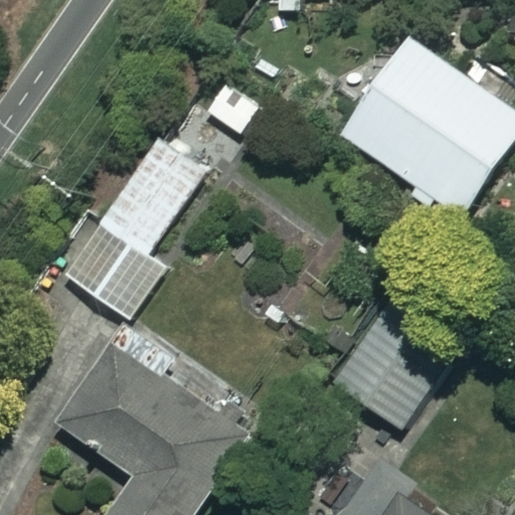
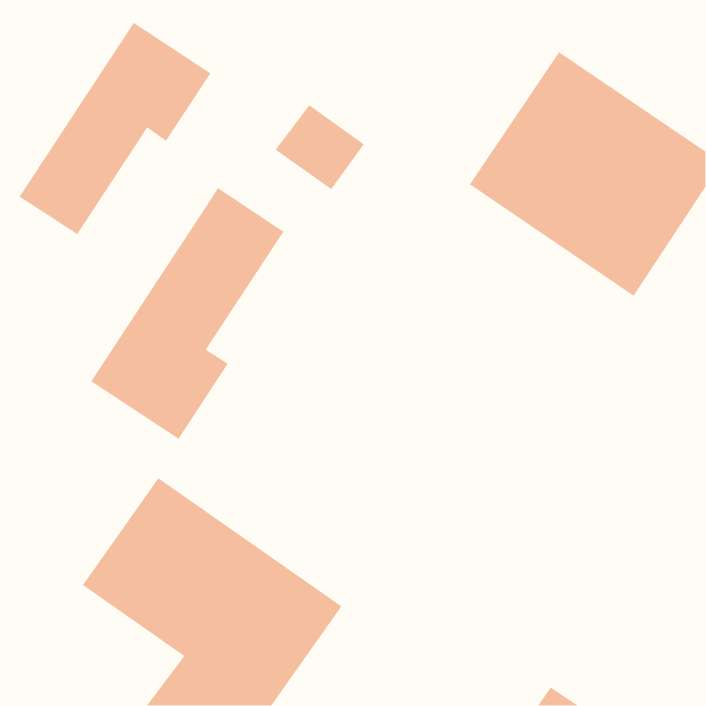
building: none -> [19,22,212,235]
building: [333,302,459,430] -> none

